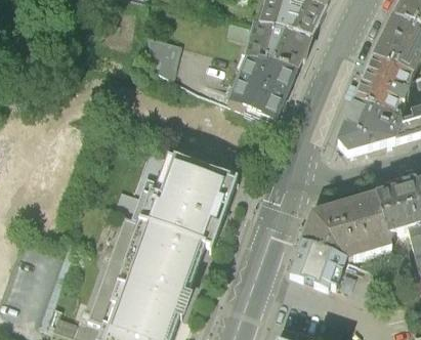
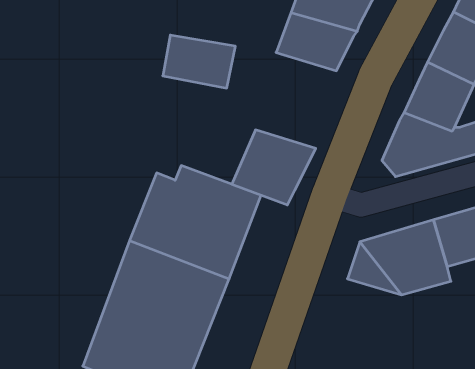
building: [225,54,295,117] -> [232,130,316,205]
building: [292,243,349,291] -> none

